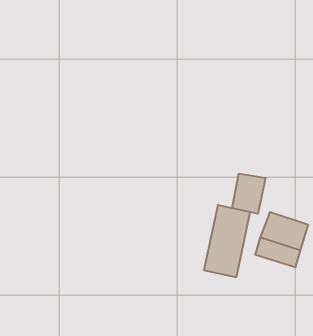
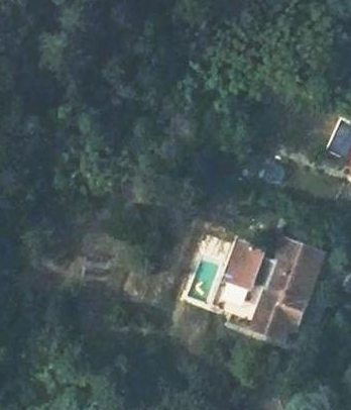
building: [232,174,265,214] -> none
building: none -> [253,288,309,339]

